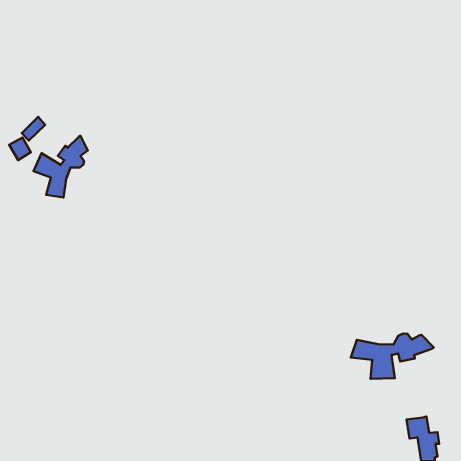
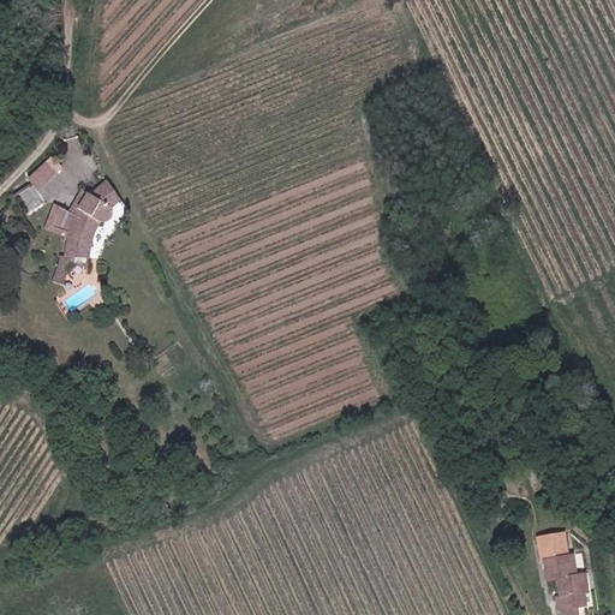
building: [351,333,434,379] -> none
building: none -> [535,531,563,557]

